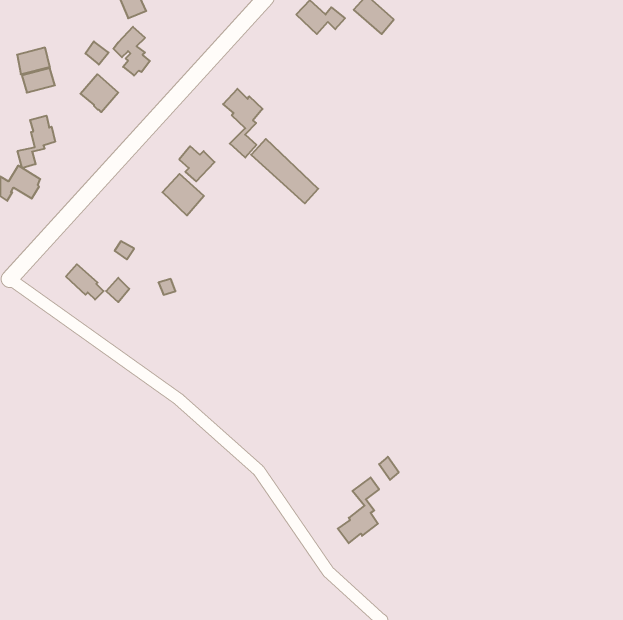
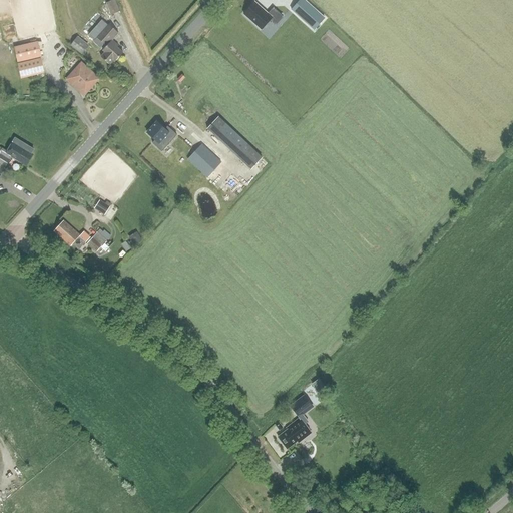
building: [223,89,263,158] -> none
building: [18,116,55,168] -> none
building: [162,174,204,215] -> [187,142,221,176]

